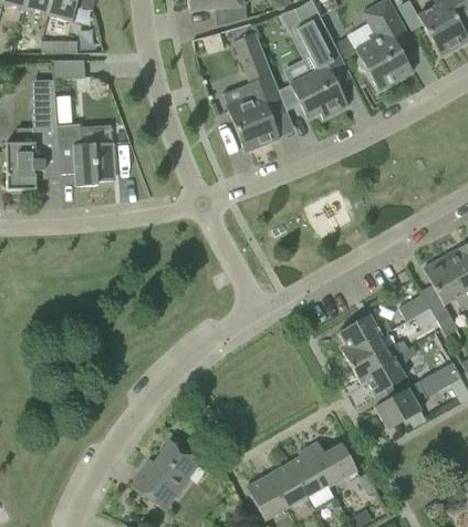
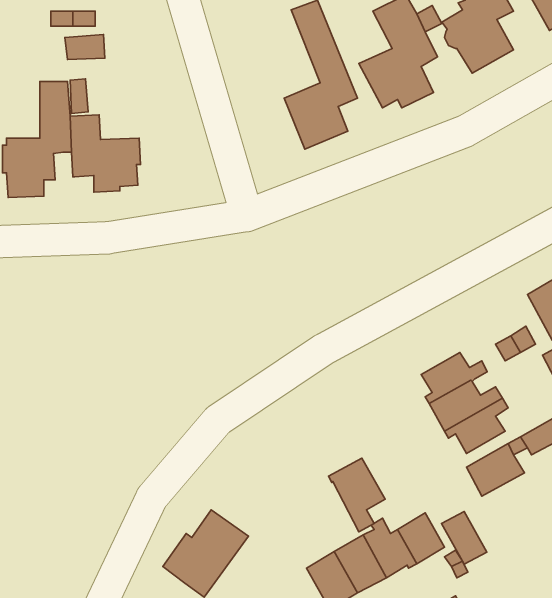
building: none -> [329,458,385,532]
building: none -> [441,512,487,564]

